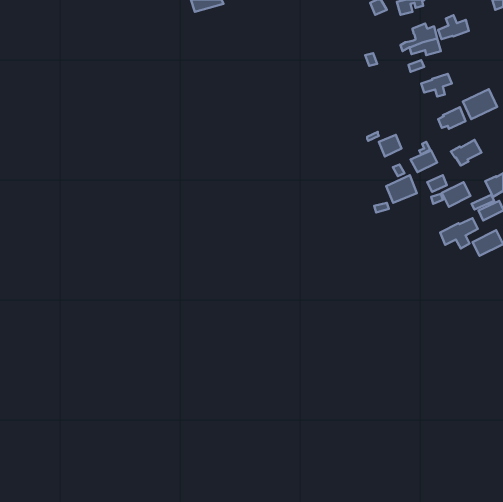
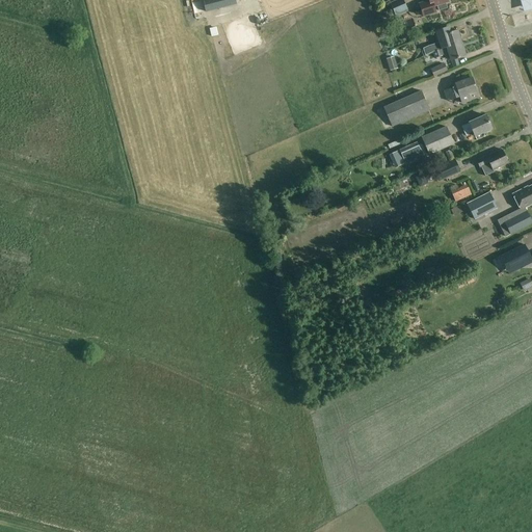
building: [438,15,469,39] -> none
building: none -> [383,90,430,127]
building: [463,89,497,119] -> none
building: [386,175,417,203] -> [422,126,454,155]
building: [440,218,478,248] -> none

